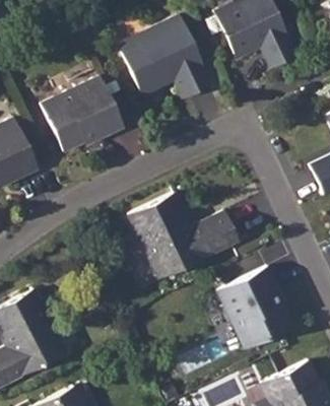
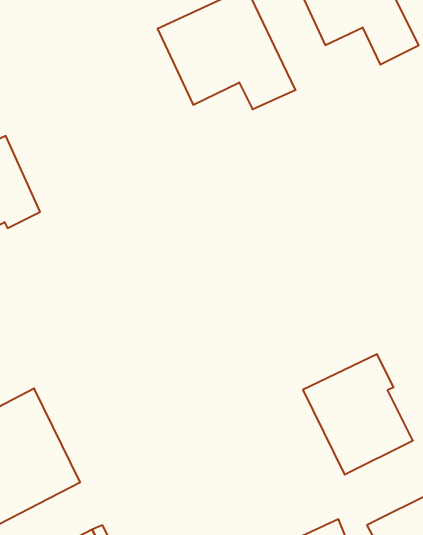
building: [41,77,123,152] -> none
building: [127,192,238,278] -> none

